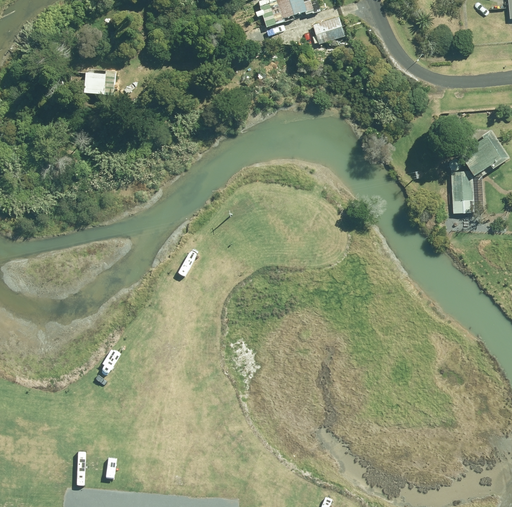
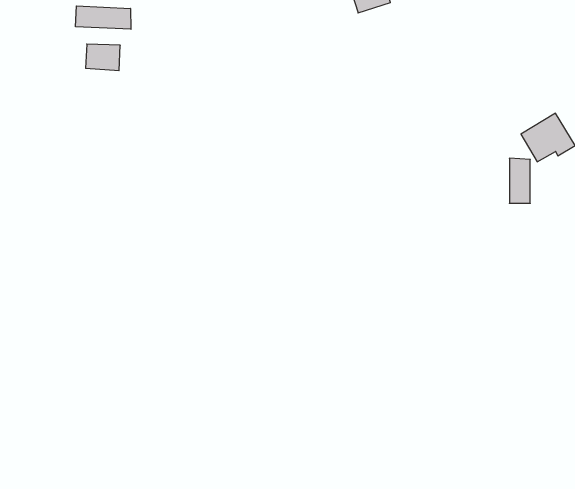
building: none -> [76,6,131,29]

